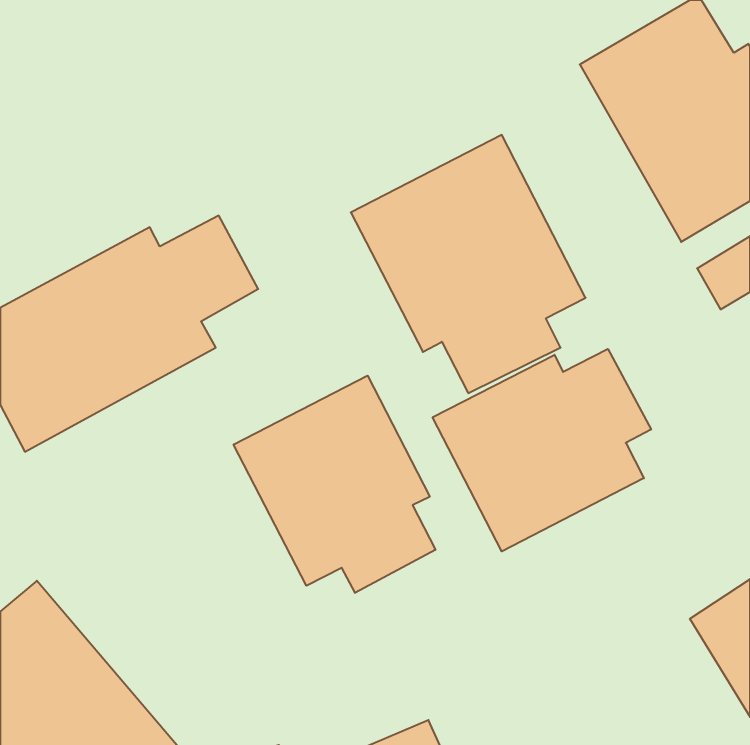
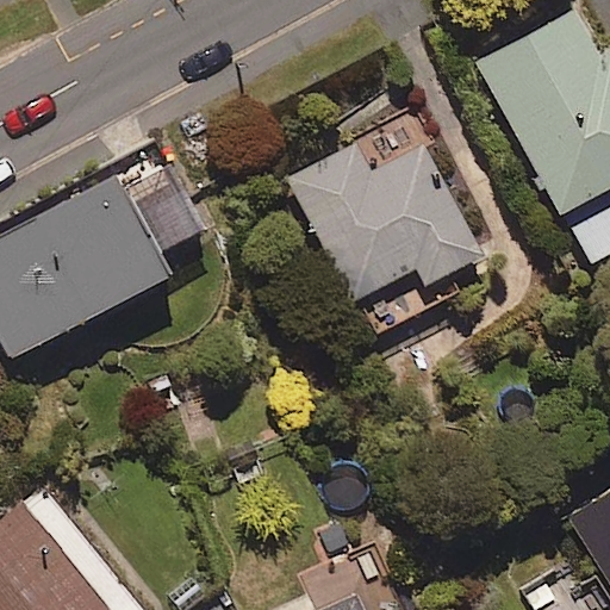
building: [433,349,651,551] -> none
building: [234,376,435,593] -> none

